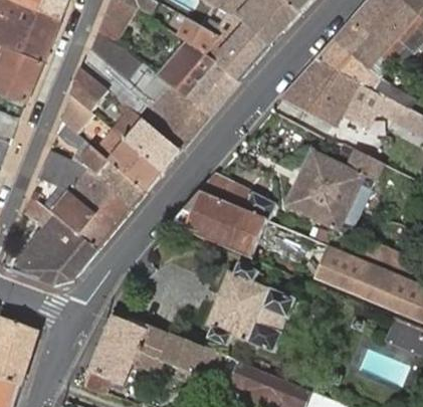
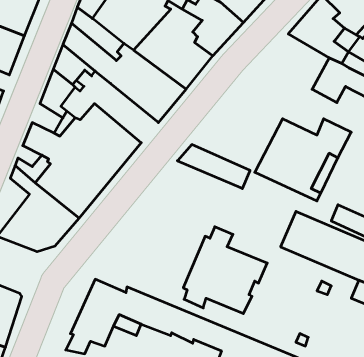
building: [282,57,361,126] -> none
building: [114,110,181,172] -> none
building: [173,191,267,257] -> none

